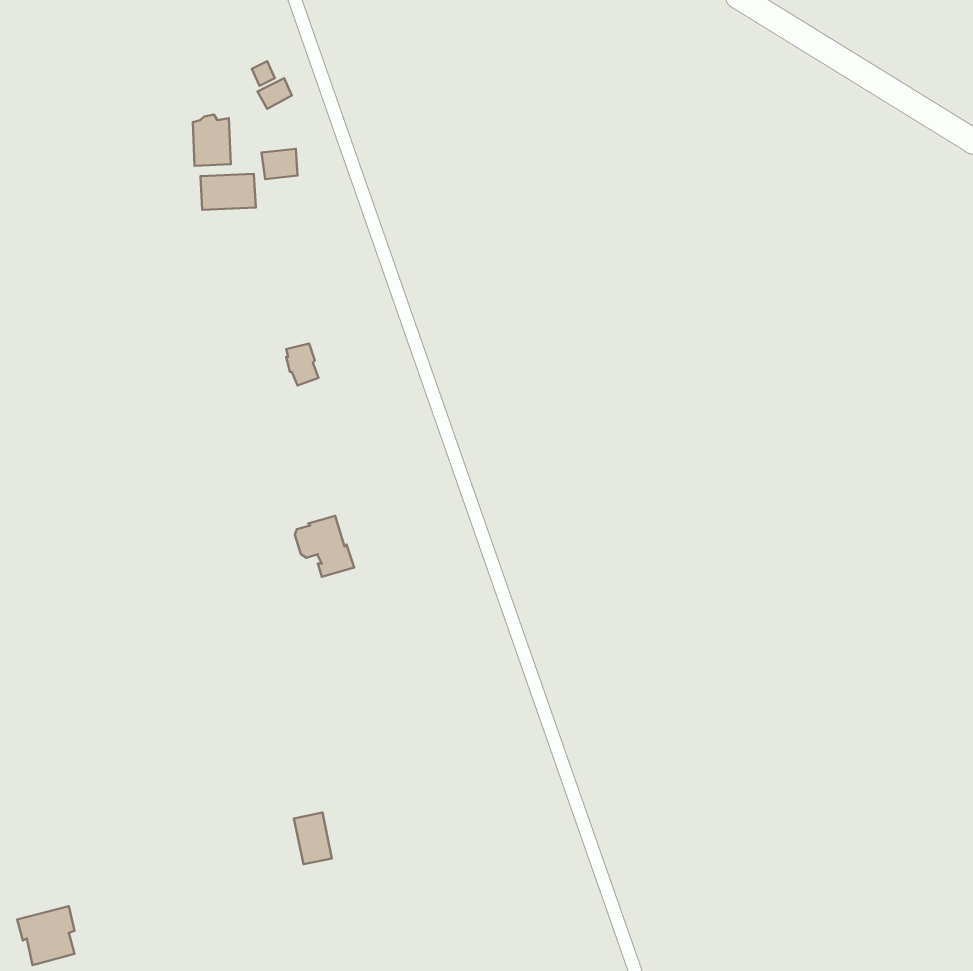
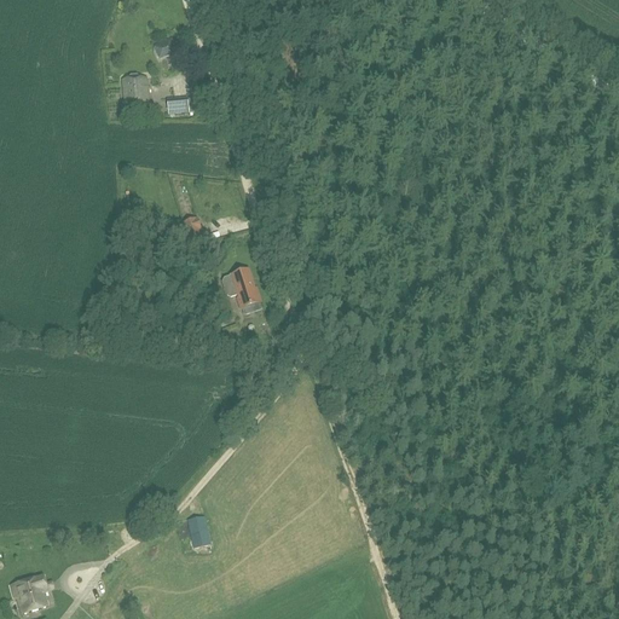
building: [201,174,256,210] -> none
building: [295,516,354,577] -> [222,268,260,307]

